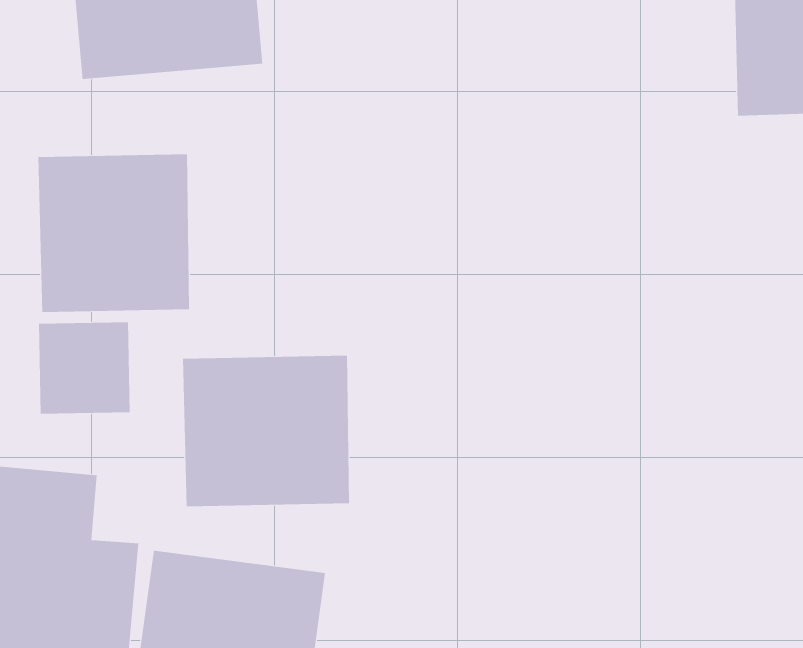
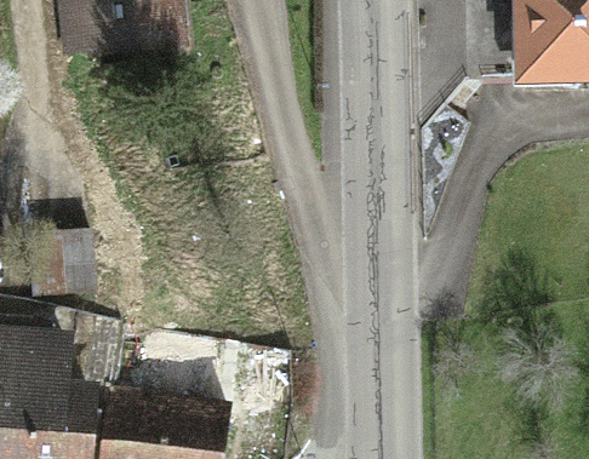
building: [38,154,190,313] -> none
building: [182,355,349,507] -> none

